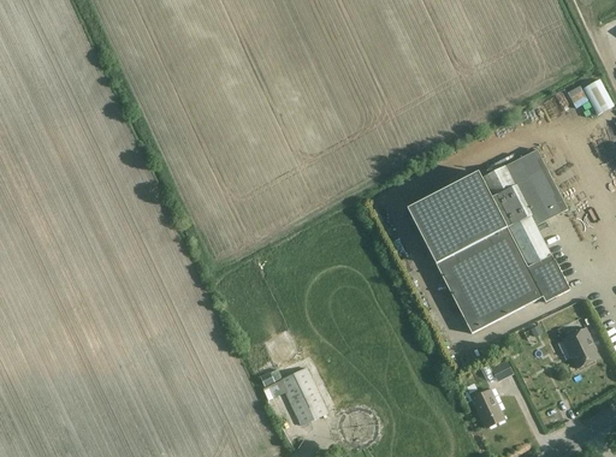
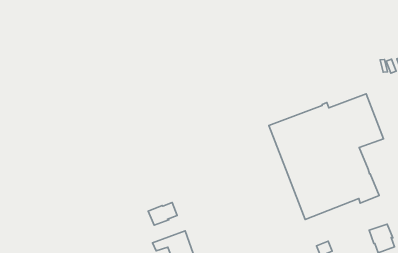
building: none -> [148,202,177,225]

